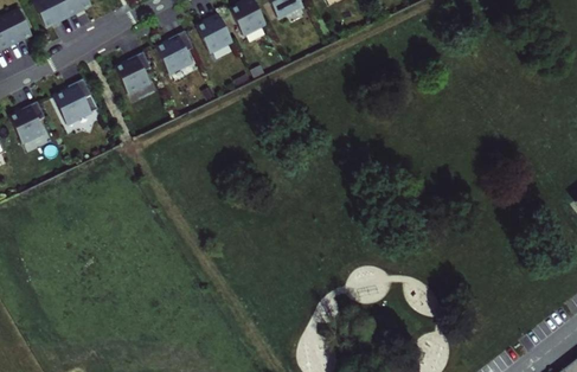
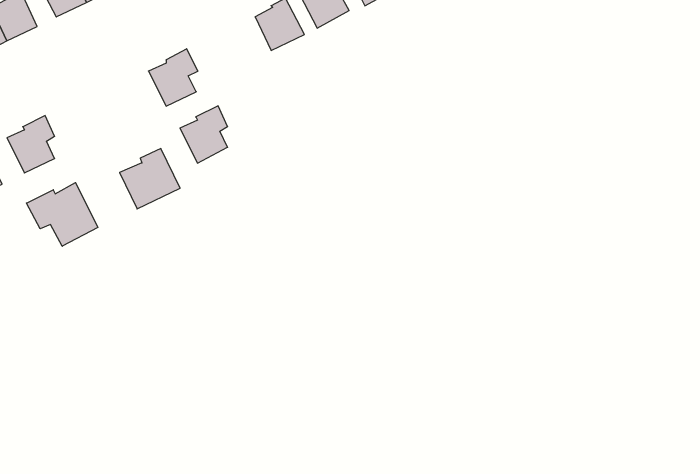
building: [155,31,191,73] -> [180,106,228,163]
building: [53,78,98,123] -> [120,149,180,209]
building: none -> [26,183,98,246]

